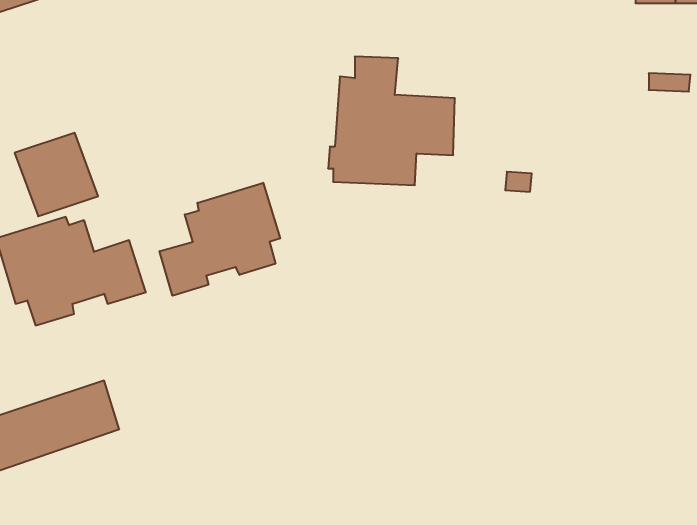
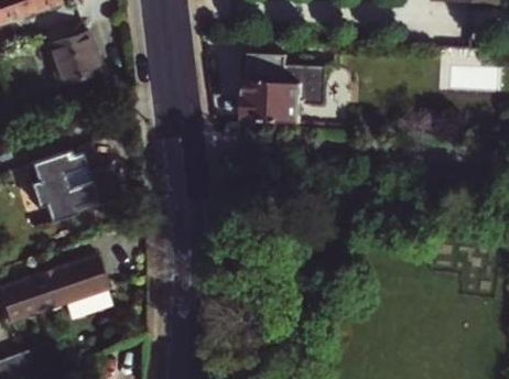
building: [15,133,98,216] -> [45,28,100,83]
building: [160,183,280,296] -> none

